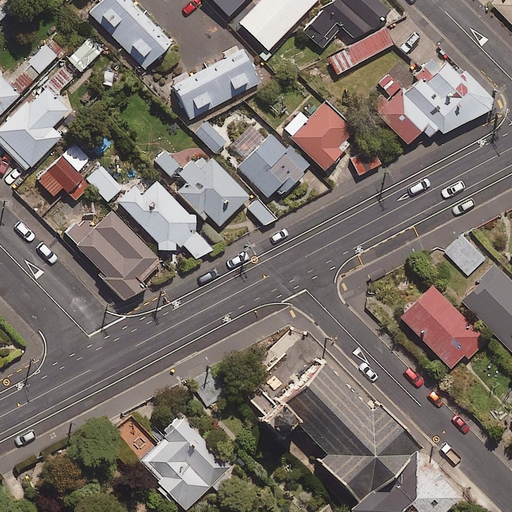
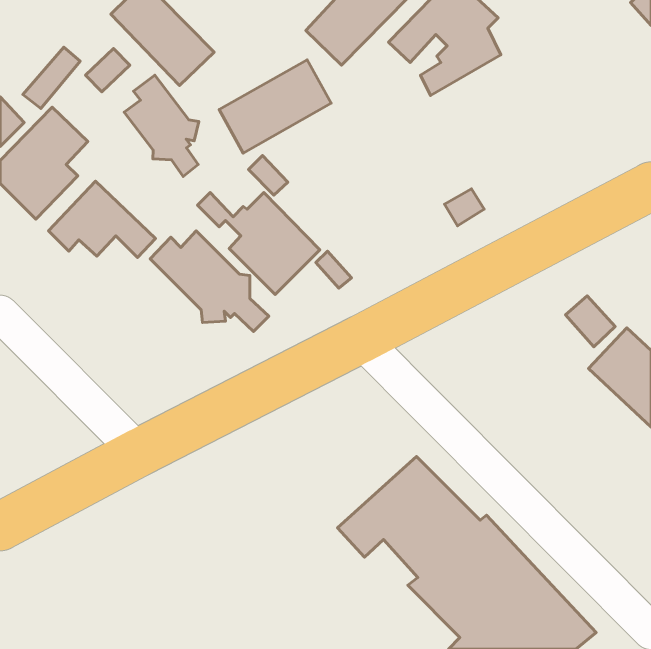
building: [377,51,493,146] -> none
building: none -> [124,75,199,177]
building: [283,104,354,172] -> none
building: [238,136,312,198] -> none
building: [66,212,161,306] -> none
building: [402,277,496,368] -> none
building: [136,406,231,505] -> none

